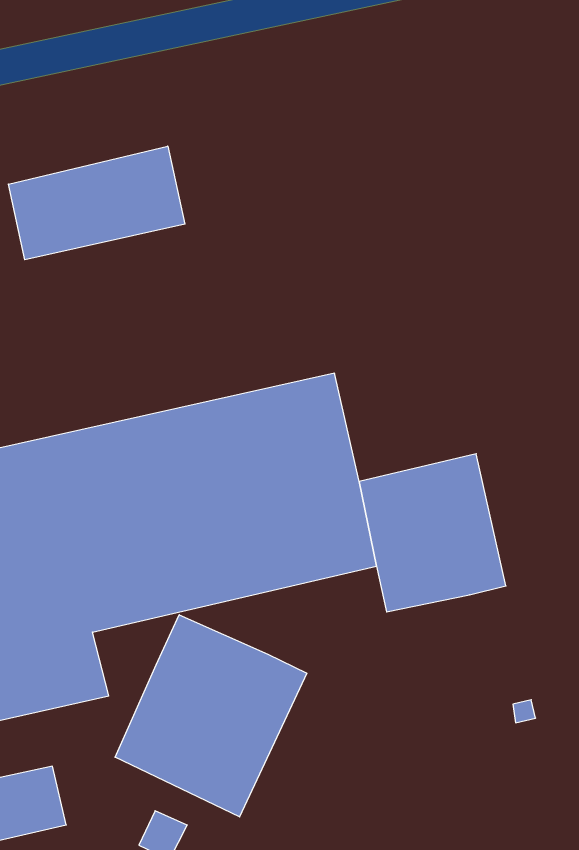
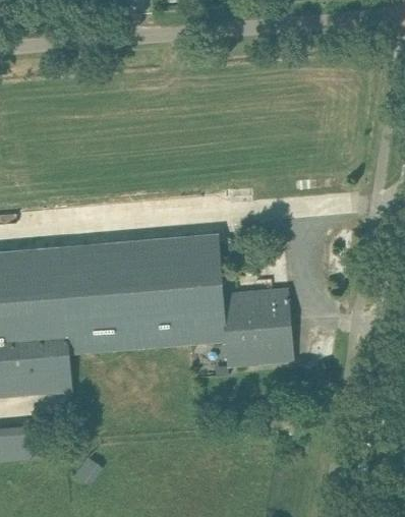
building: [8,146,185,260] -> none
building: [115,615,307,817] -> none

